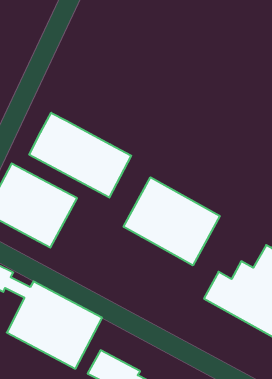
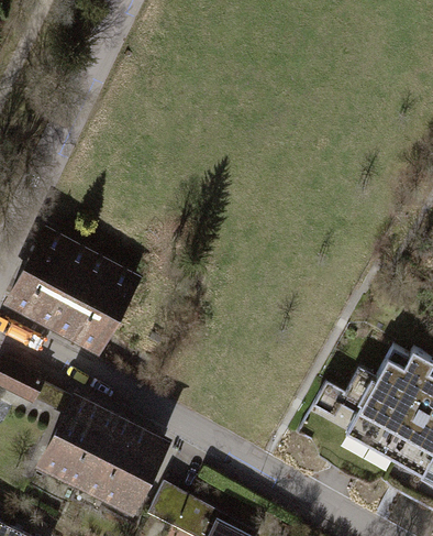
building: [29,113,131,198] -> none
building: [124,177,220,265] -> none

